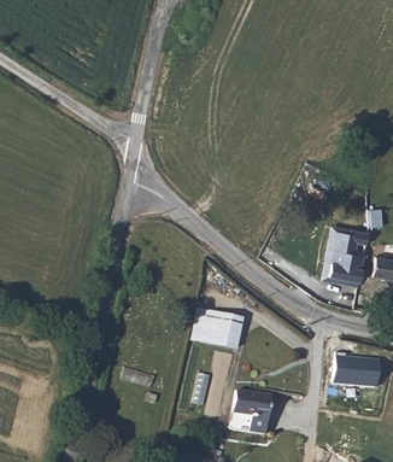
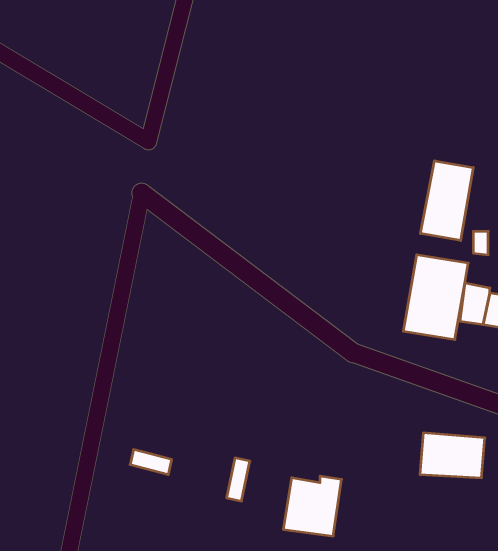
building: none -> [420,161,473,241]
building: [203,310,244,346] -> none

